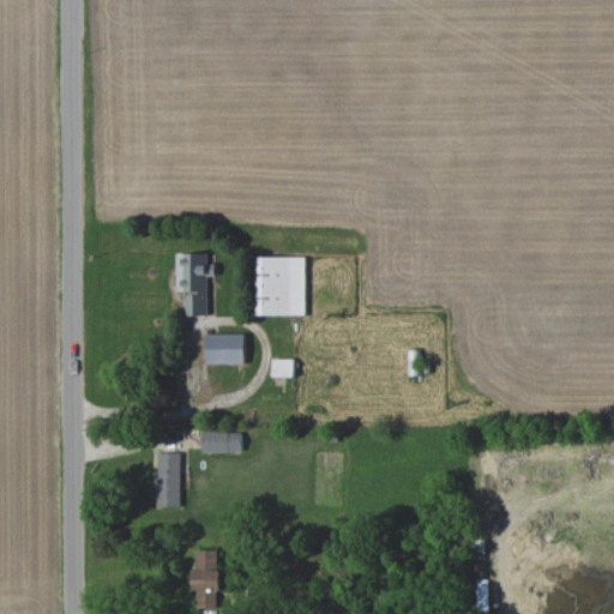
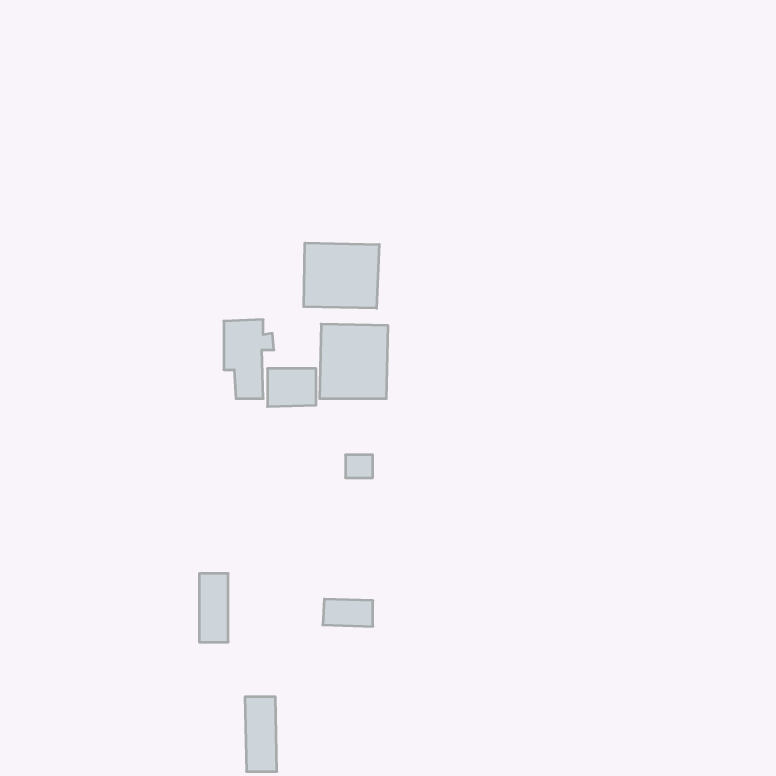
building: none -> [304,243,379,308]
building: [206,335,245,365] -> [267,369,316,407]
building: [201,432,241,453] -> [323,599,373,626]

